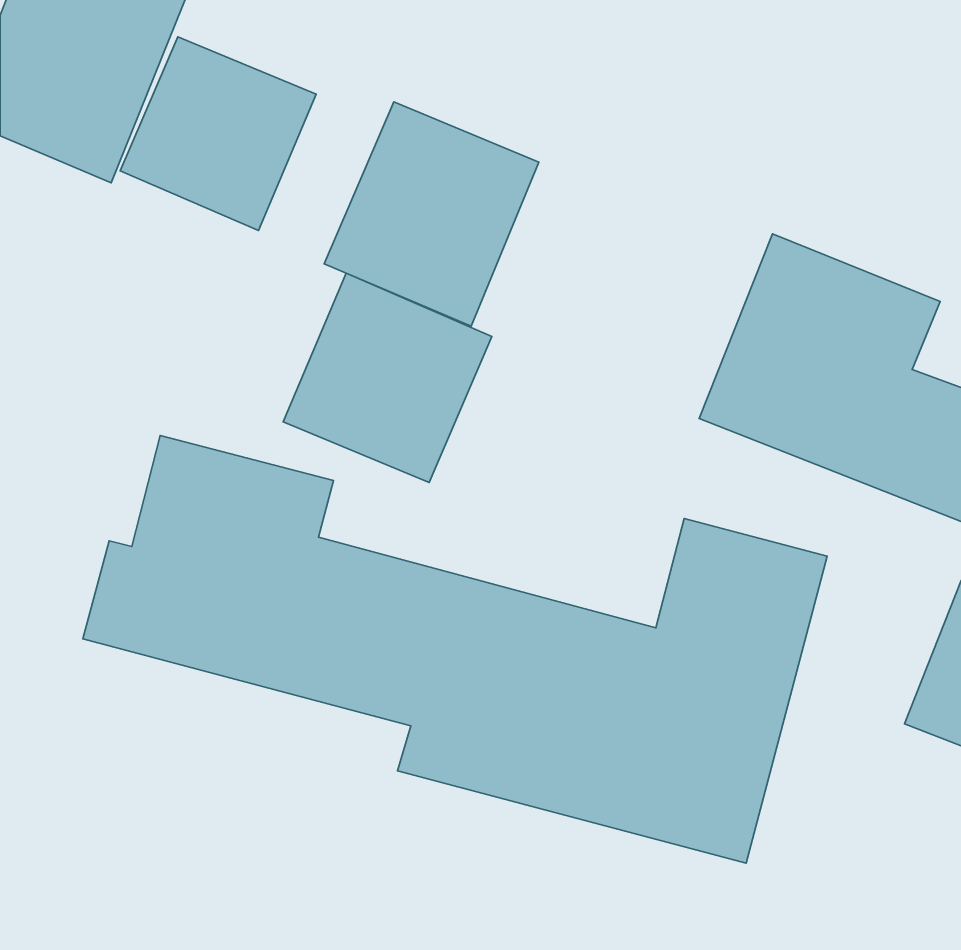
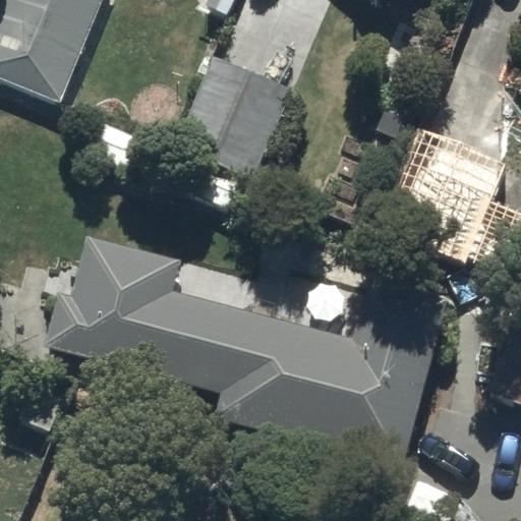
building: [120,37,316,231] -> none
building: [283,273,492,482] -> none

